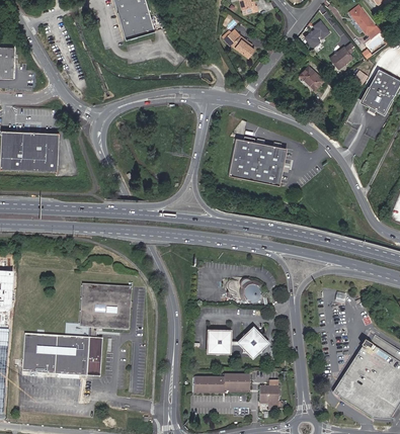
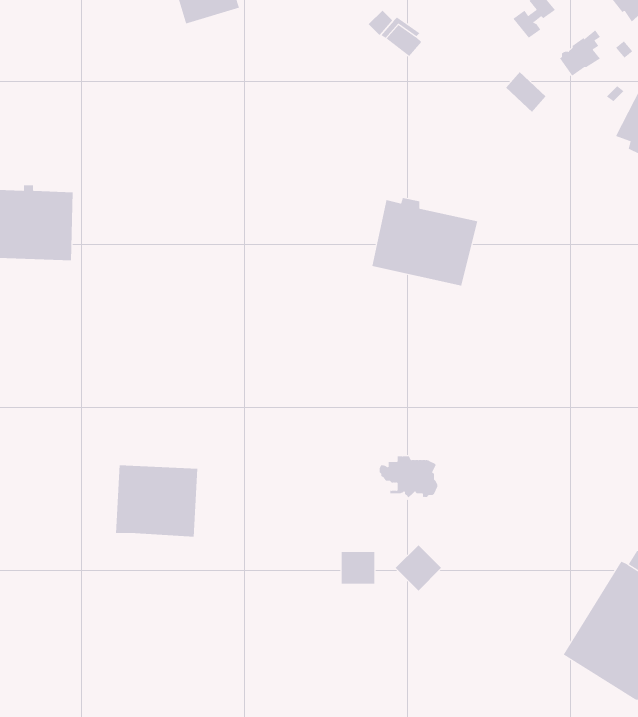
building: [22,325,101,376] -> none
building: [194,374,249,393] -> none
building: [260,377,281,407] -> none

